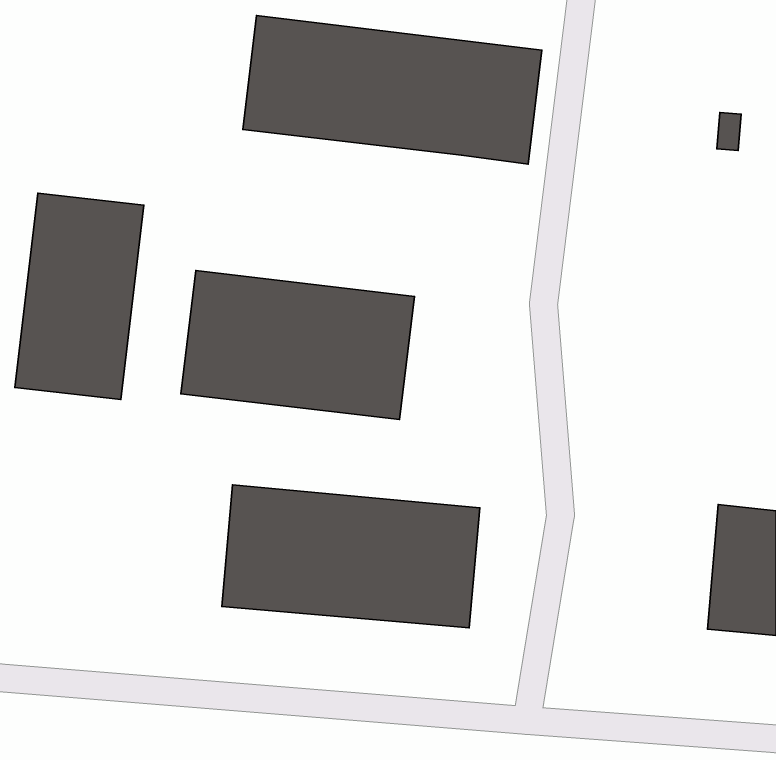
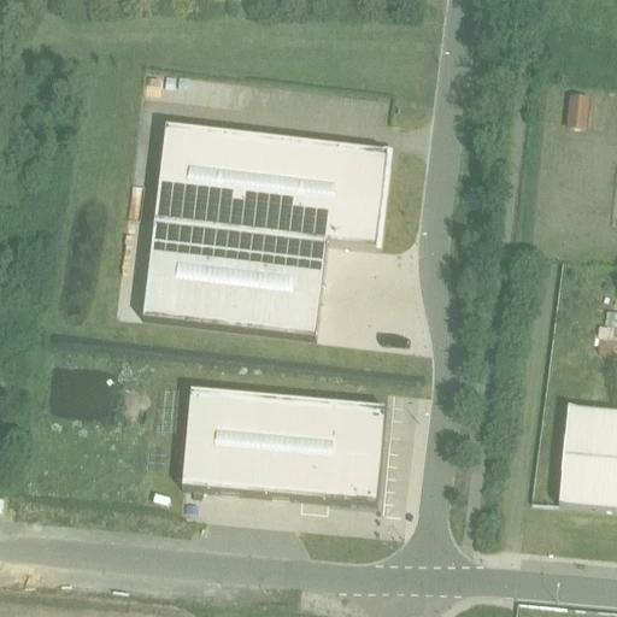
building: [243,15,542,164] -> [155,124,393,242]
building: [15,193,144,399] -> none

